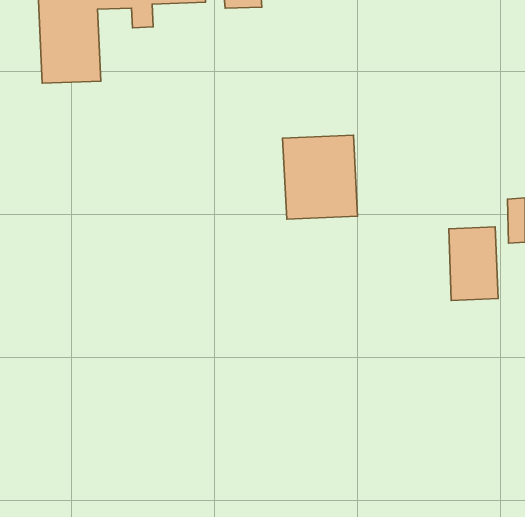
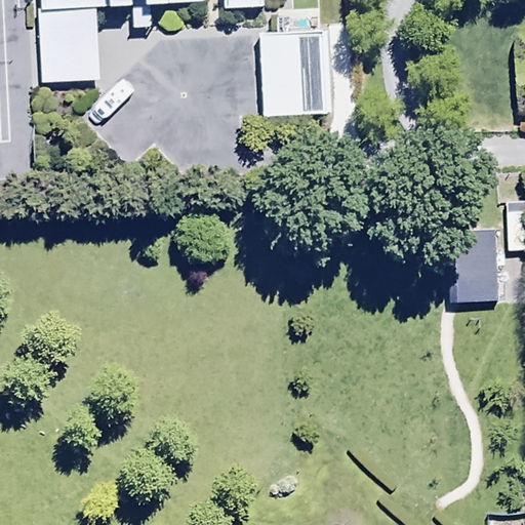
building: [283,135,358,219] -> [258,31,333,115]

